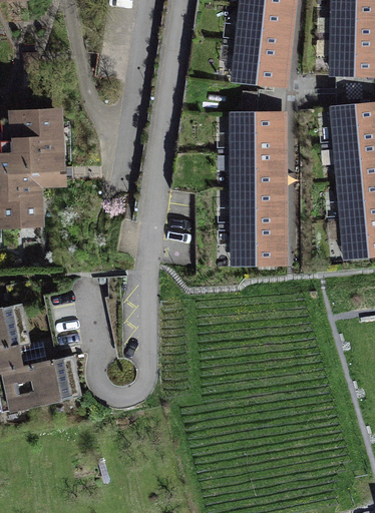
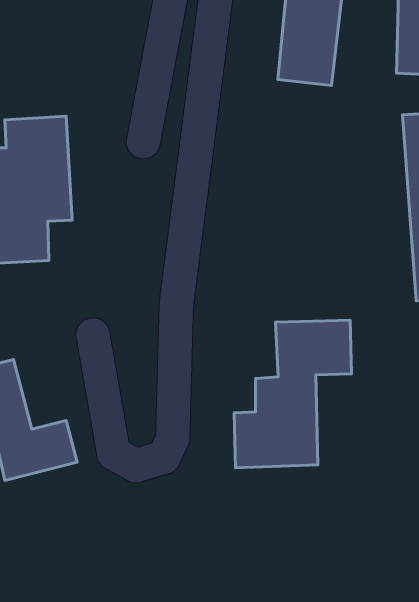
building: [232,114,283,262] -> none
building: none -> [234,320,351,468]

